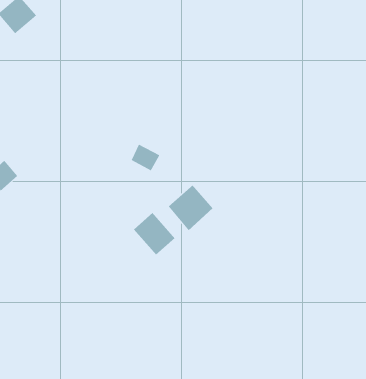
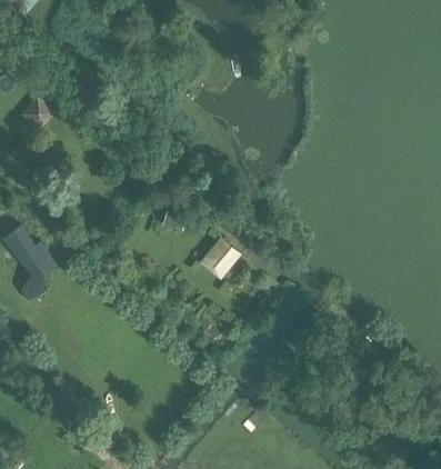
building: [133,212,175,256] -> none

